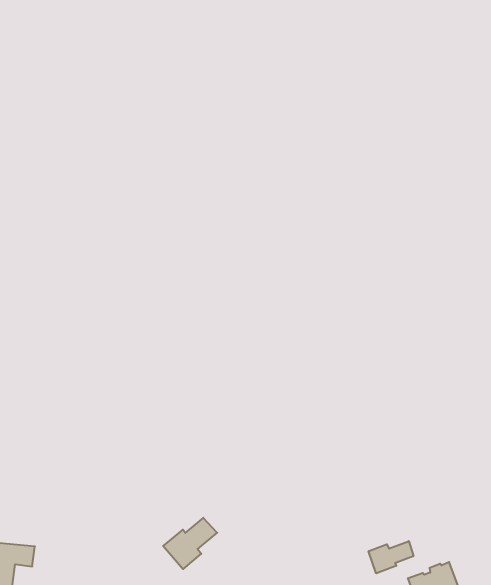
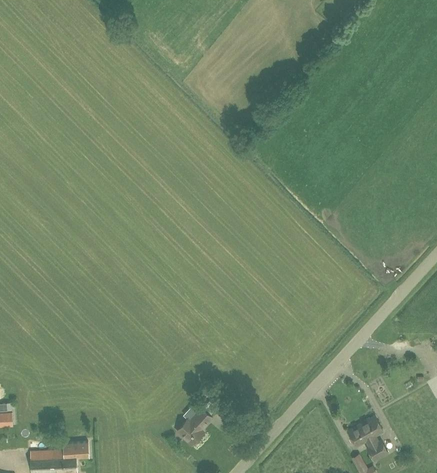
building: [369,541,413,573] -> none

